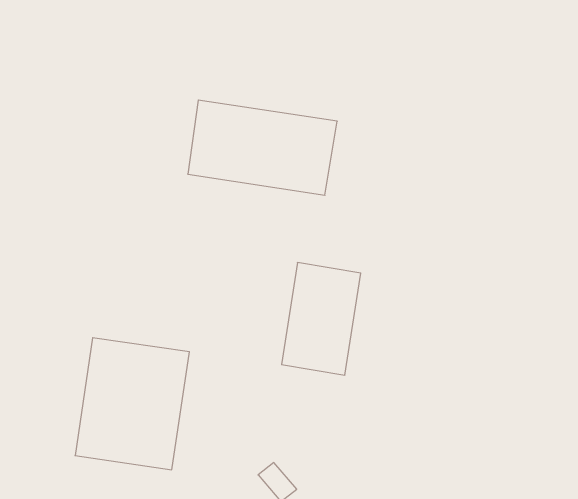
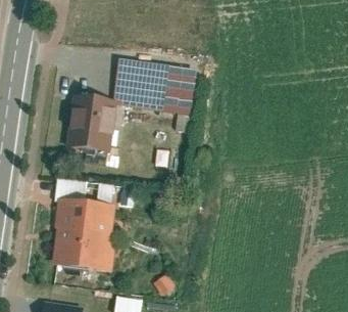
building: [282,263,361,375] -> [67,96,113,162]

